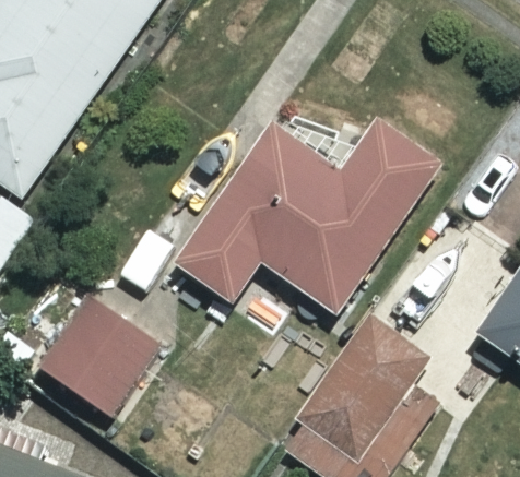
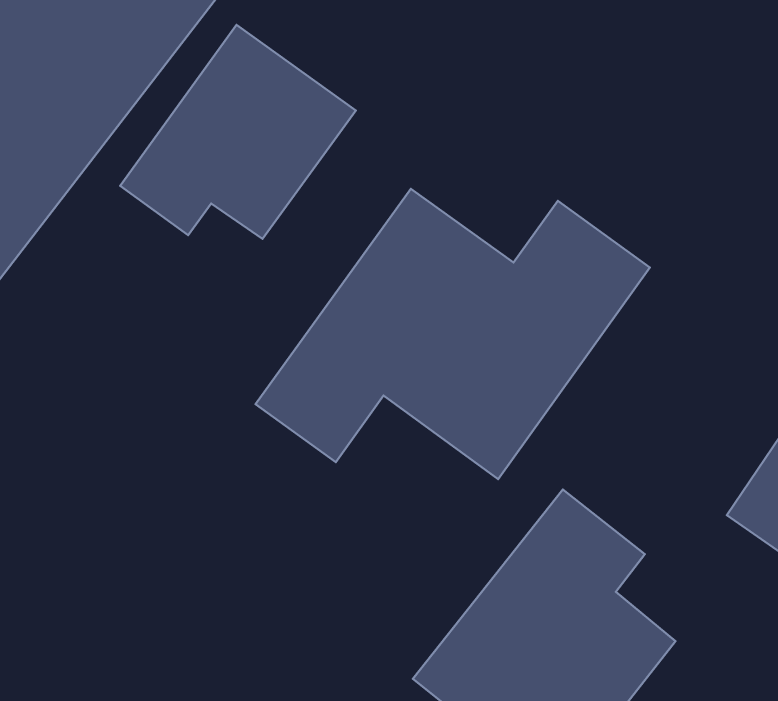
building: none -> [120,25,356,239]
building: [36,296,161,417] -> none

